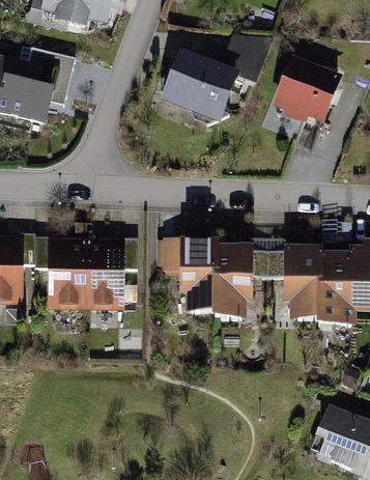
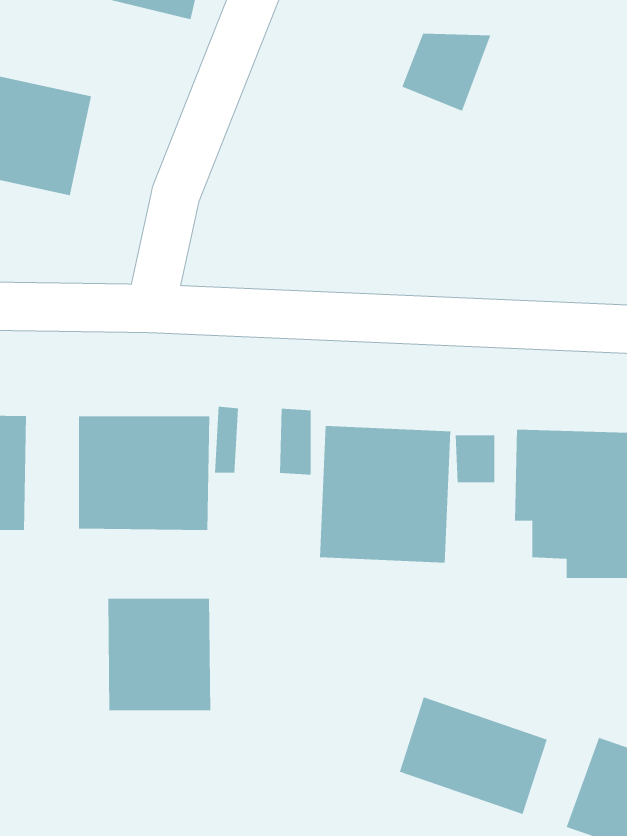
building: [165,52,233,117] -> none
building: [275,59,338,124] -> none
building: none -> [108,598,211,711]
building: none -> [399,696,547,815]

